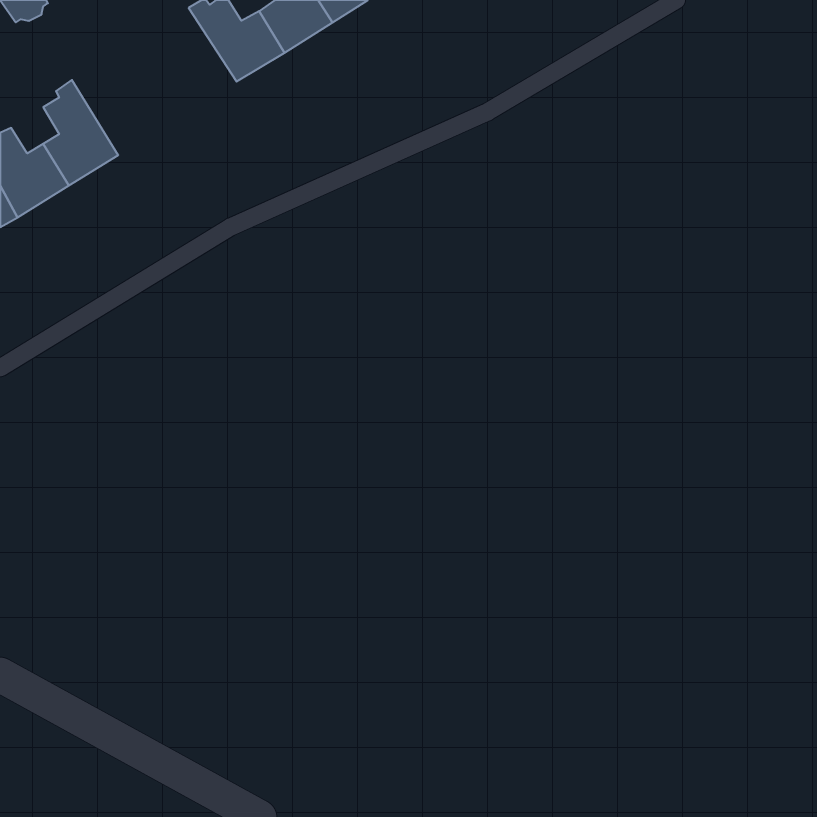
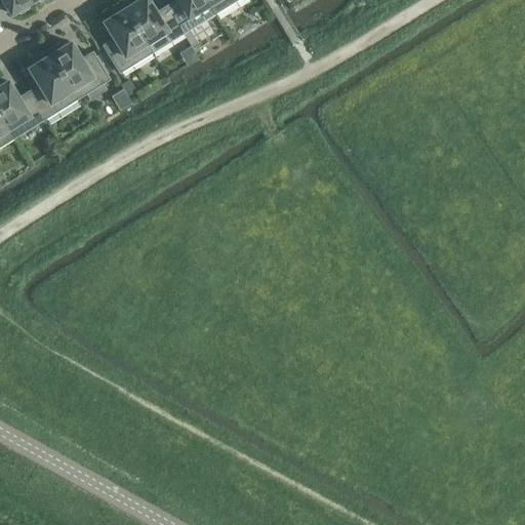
building: none -> [103,5,152,73]
building: none -> [46,43,108,99]

